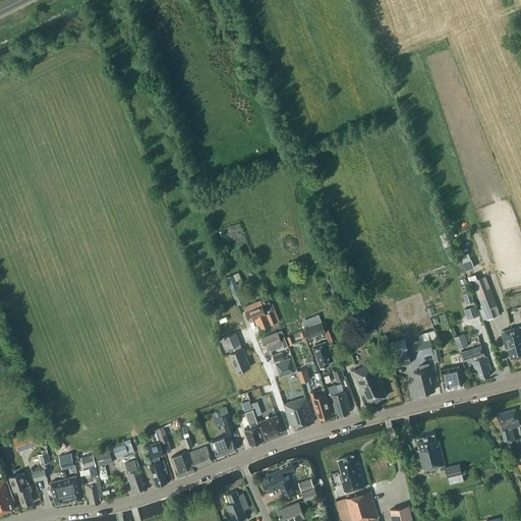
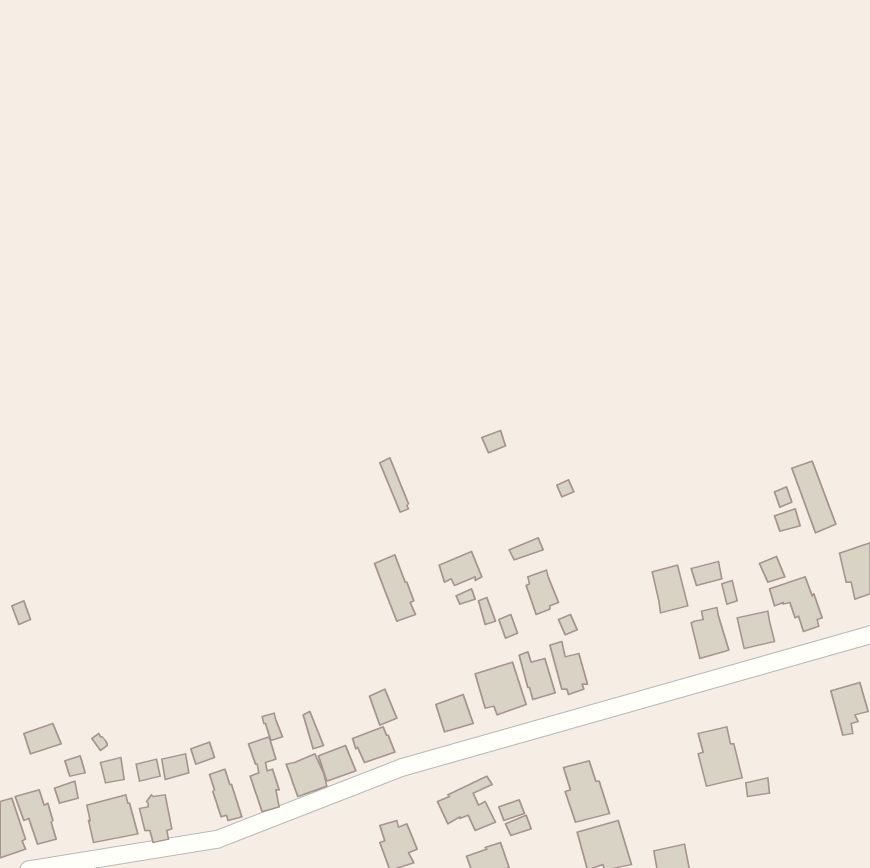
building: [244,300,278,329] -> none
building: [352,361,387,404] -> none
building: [244,409,265,445] -> none

